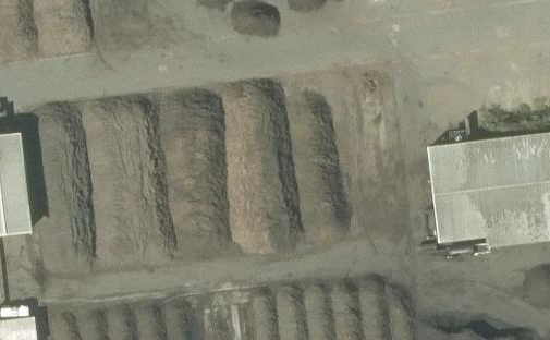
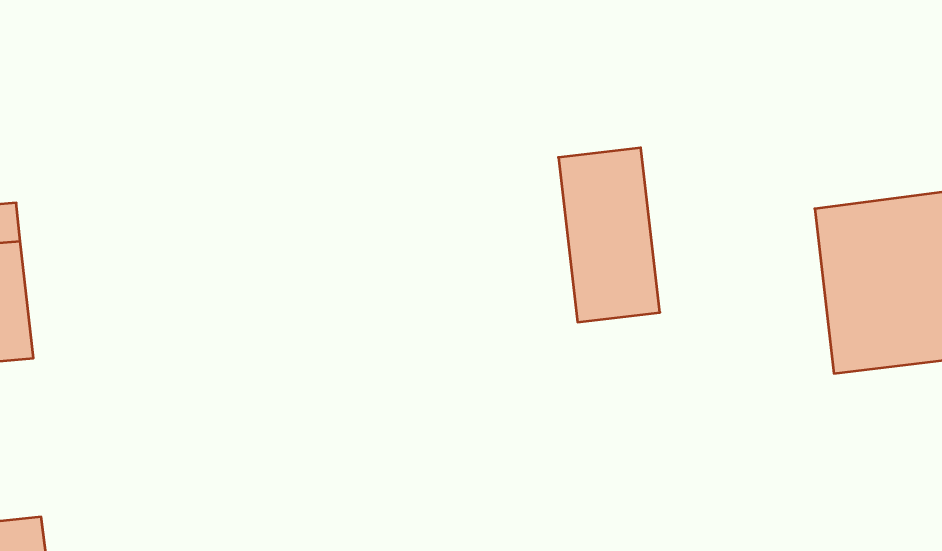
building: [427,143,485,242] -> [558,148,660,322]

